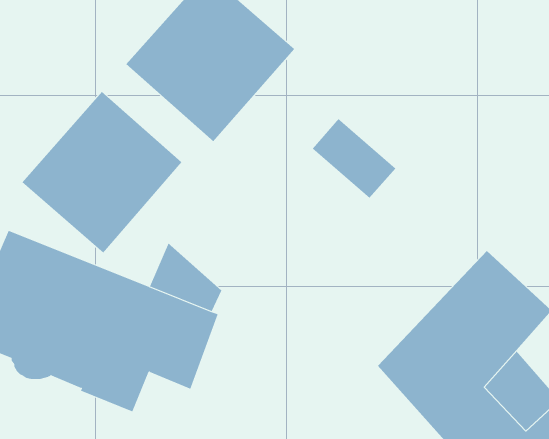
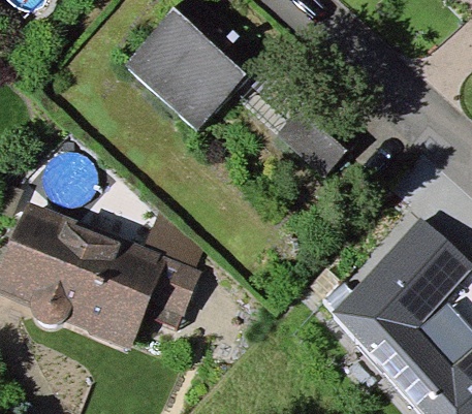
building: [21,91,182,253] -> none

